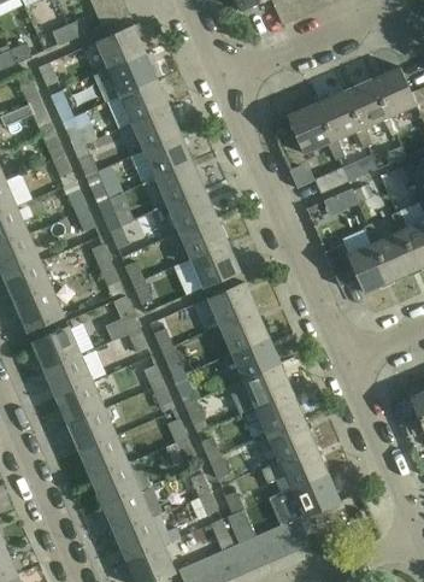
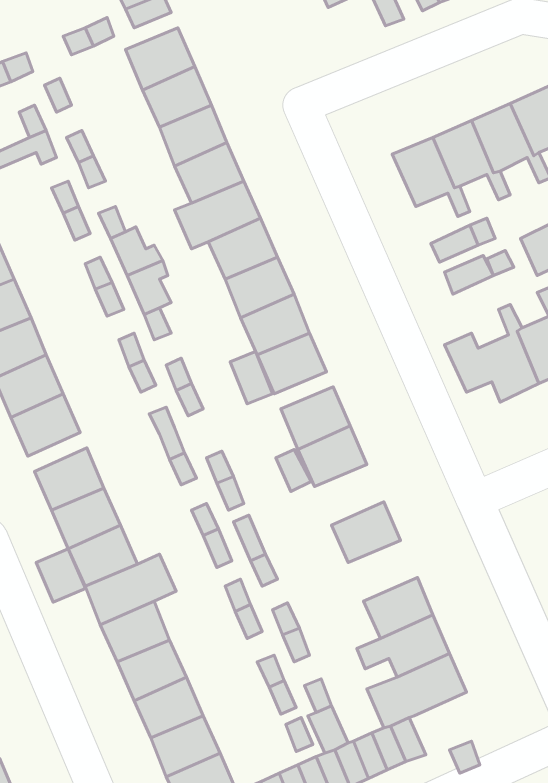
building: [231,337,281,381] -> none
building: [255,392,305,435] -> none
building: none -> [36,549,85,602]

